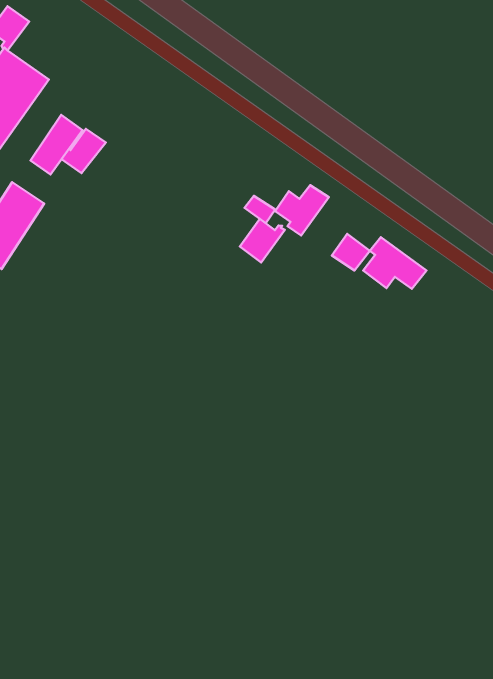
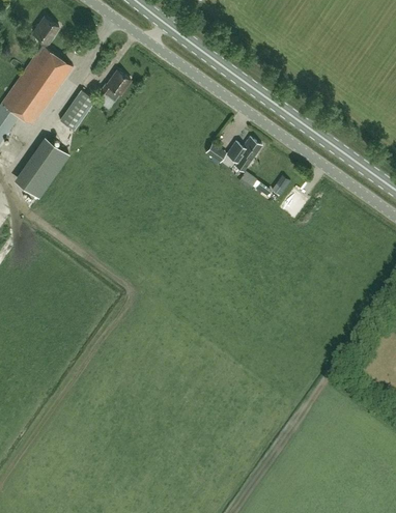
building: [61,129,106,173] -> [101,70,131,101]
building: [240,219,285,262] -> none
building: [363,237,427,289] -> none

